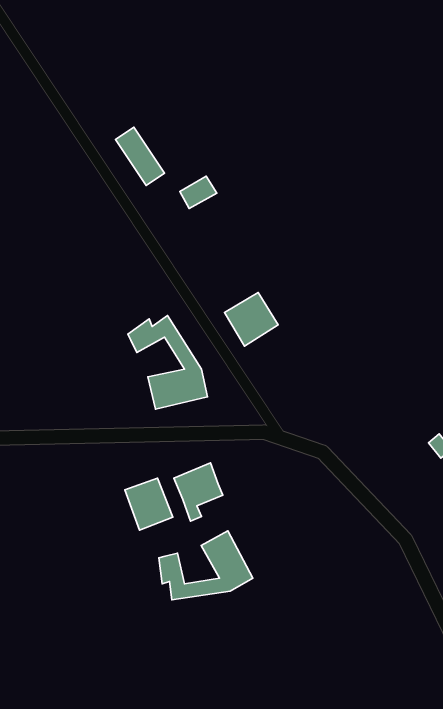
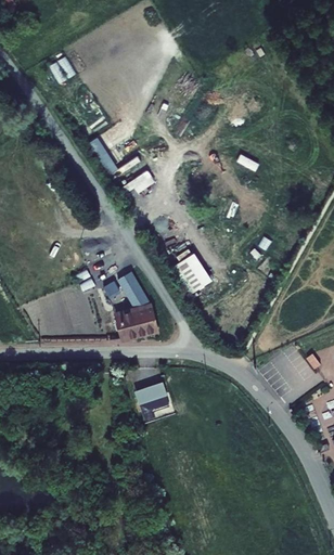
building: [125,478,173,530] -> none
building: [159,531,253,600] -> none

